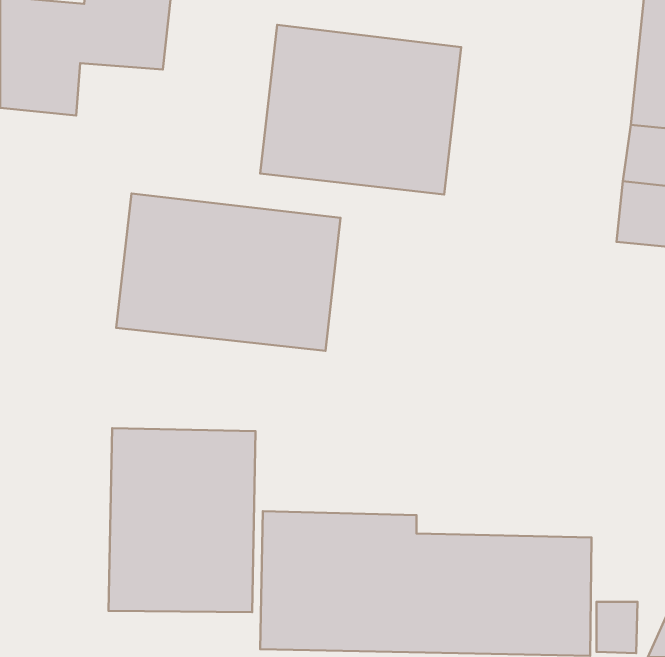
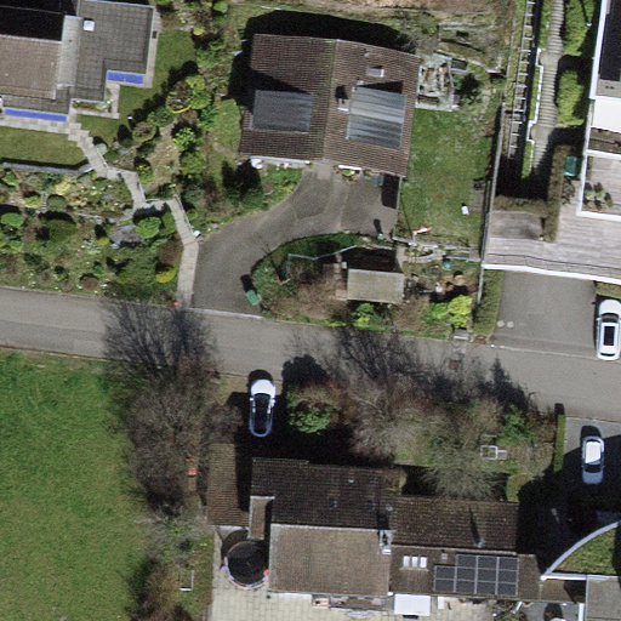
building: [116,194,341,351] -> none
building: [109,428,256,612] -> none

